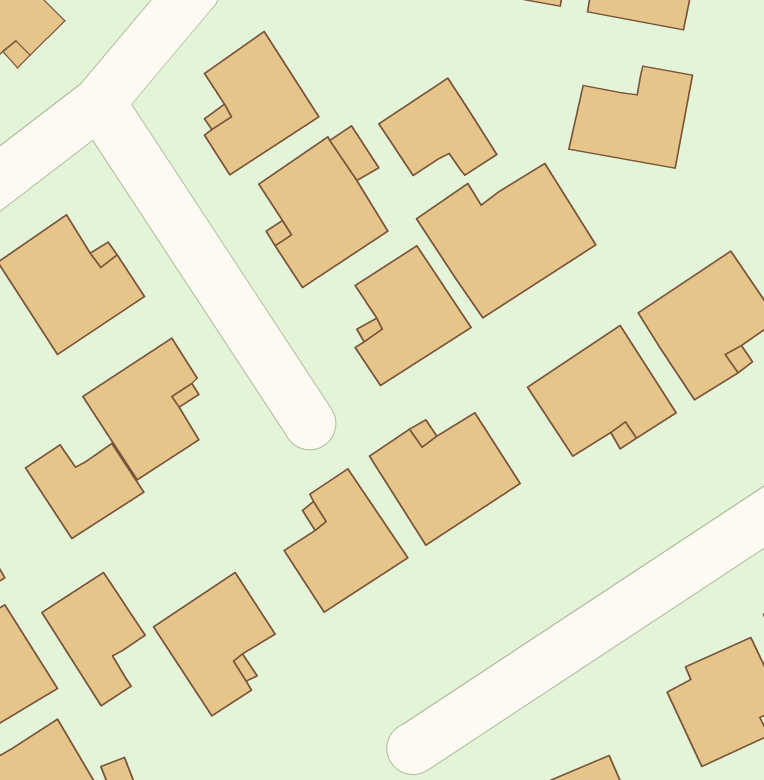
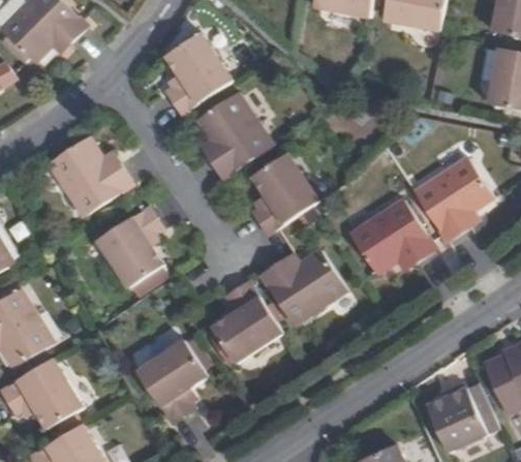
building: [569,66,693,168] -> none
building: [379,78,497,176] -> none
building: [417,163,596,318] -> none
building: [26,444,144,538] -> none
building: [42,572,145,706] -> none

